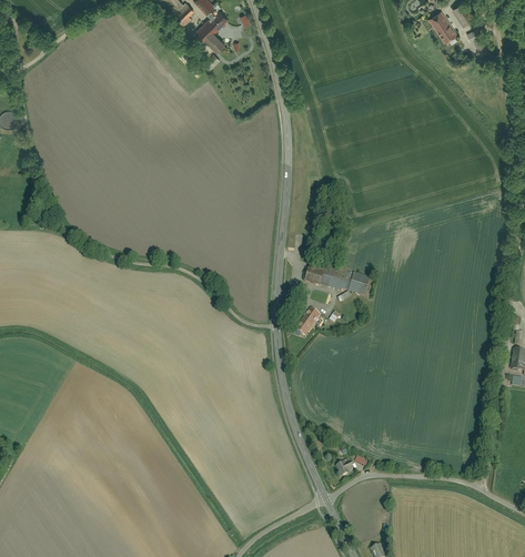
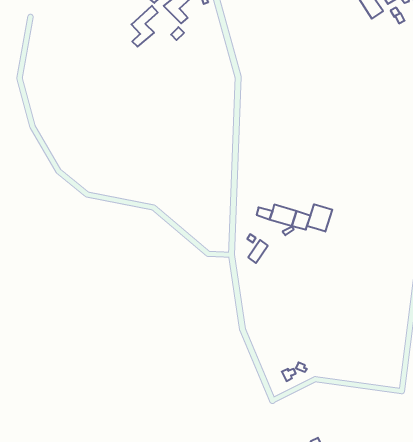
building: none -> [131,6,158,47]
building: none -> [307,204,332,232]

